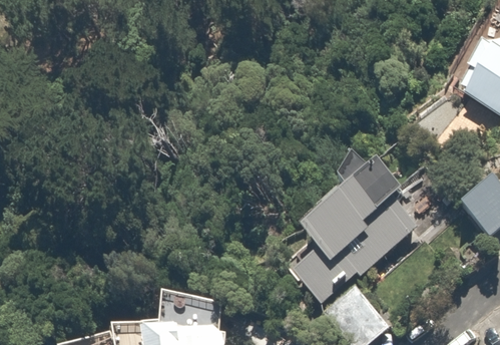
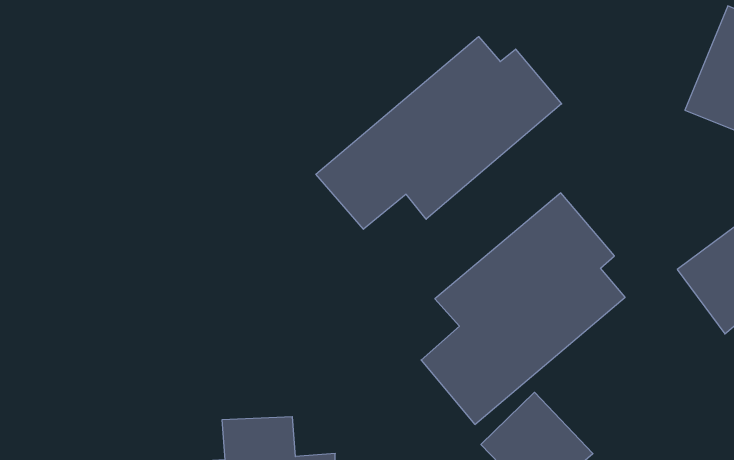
building: none -> [316,37,562,229]

